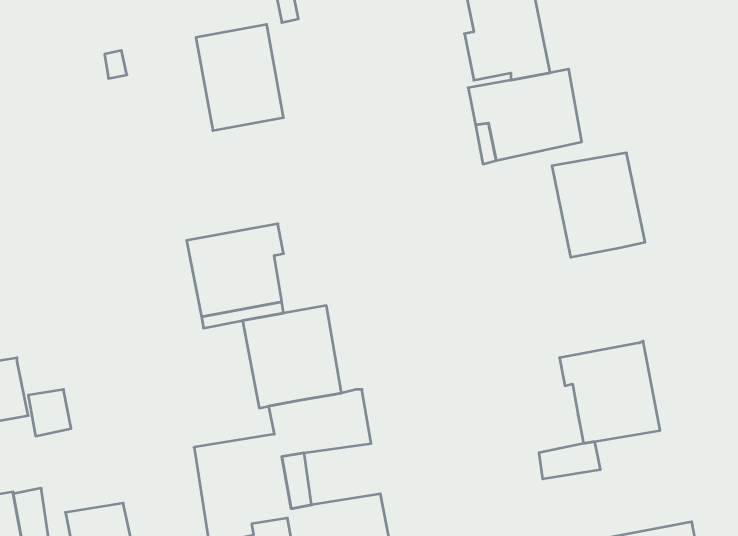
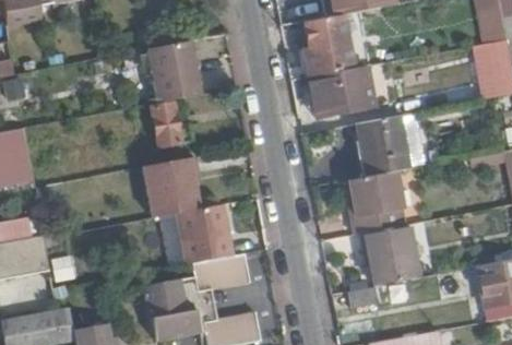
building: none -> [152,99,194,145]
building: none -> [350,170,408,236]

